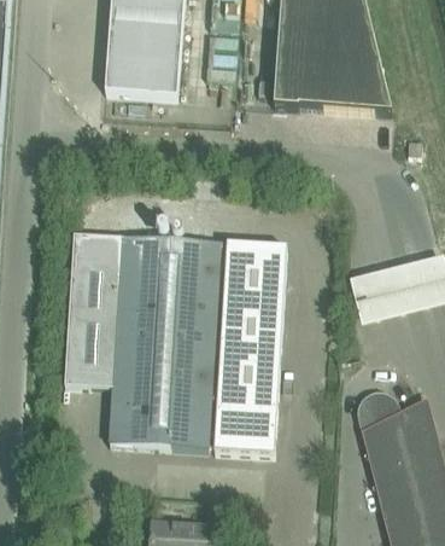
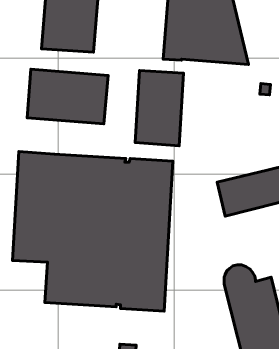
building: none -> [27,69,108,124]
building: none -> [135,70,184,146]

